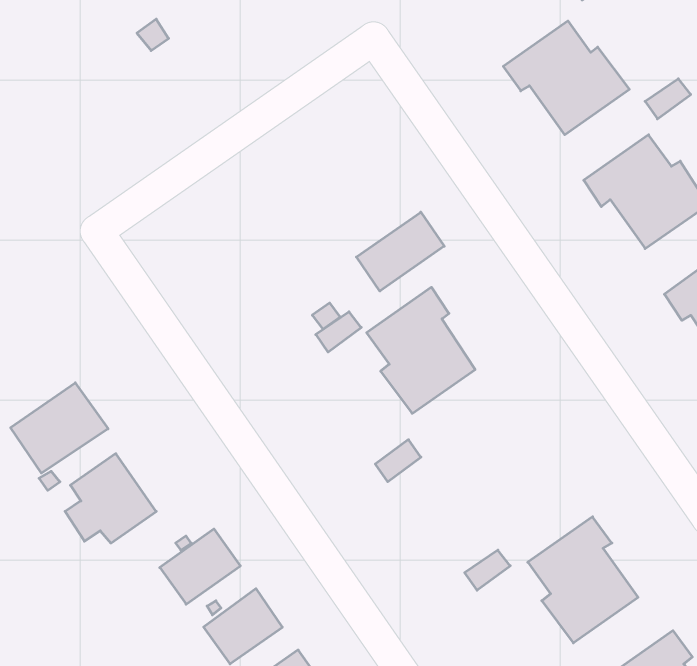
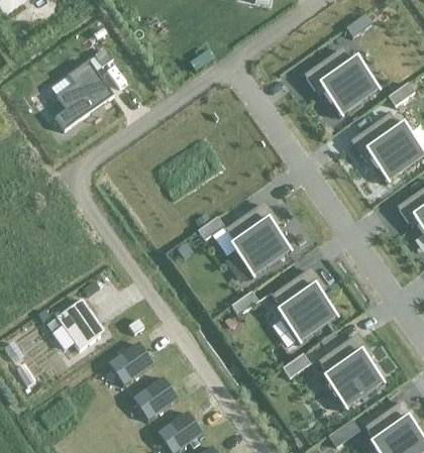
building: none -> [51,61,114,131]
building: [356,212,444,291] -> none
building: [11,383,108,473] -> none
building: none -> [274,269,336,342]

